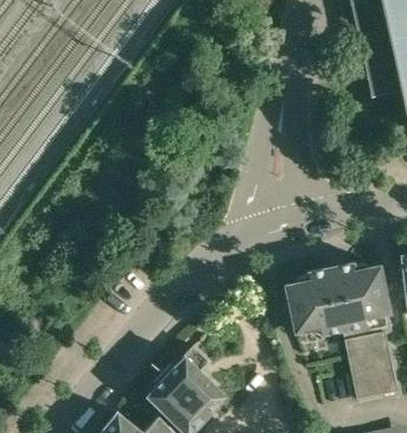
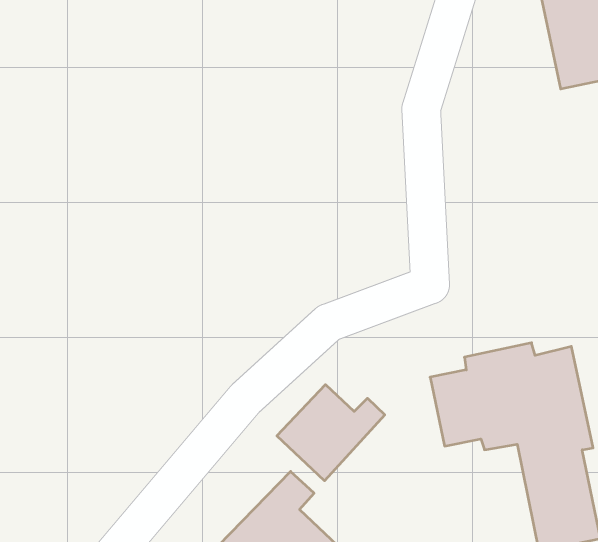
building: none -> [277,385,385,481]

